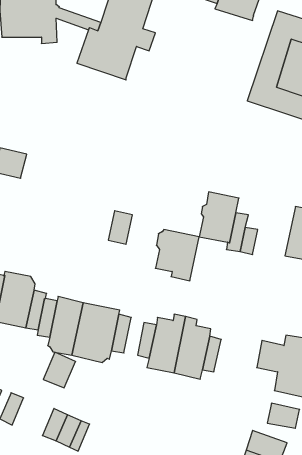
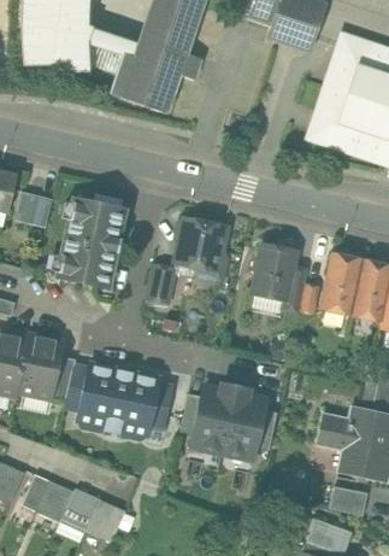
building: none -> [58,198,124,288]
building: none -> [319,252,363,316]
building: [155,230,199,281] -> [176,218,226,277]
building: [43,352,76,388] -> [36,480,73,521]

